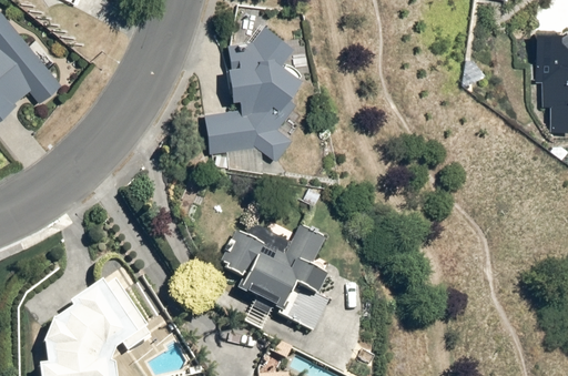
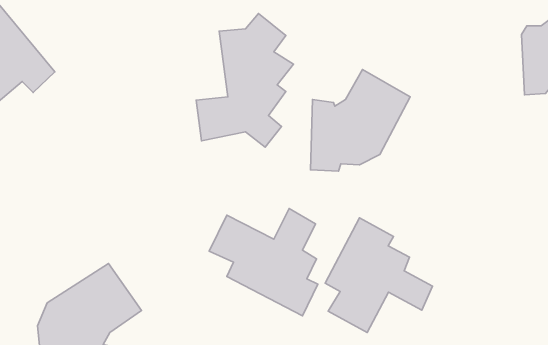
building: none -> [311,70,410,171]
building: none -> [325,218,433,333]

